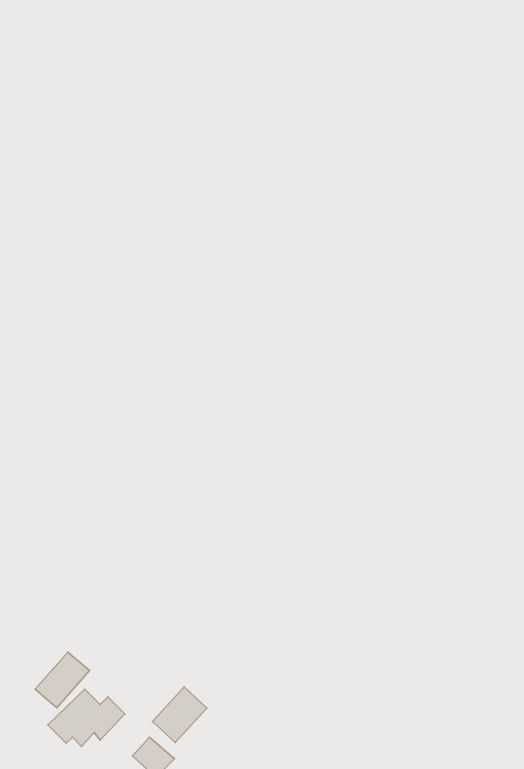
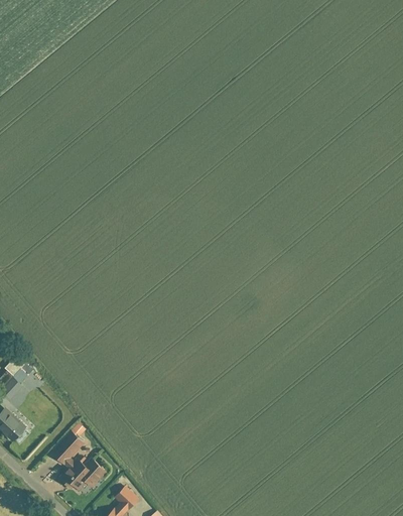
building: [153,687,207,743] -> none

